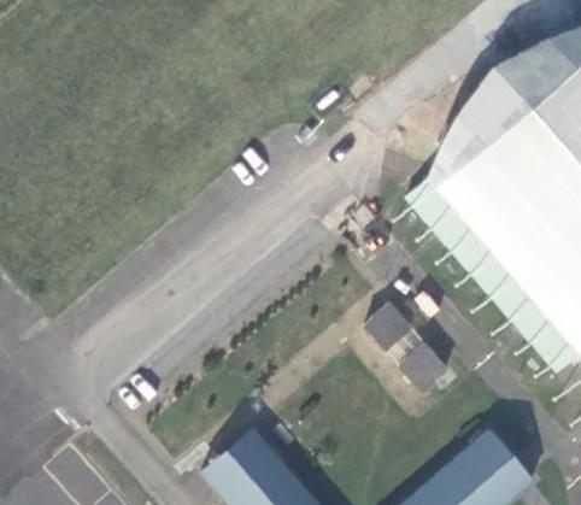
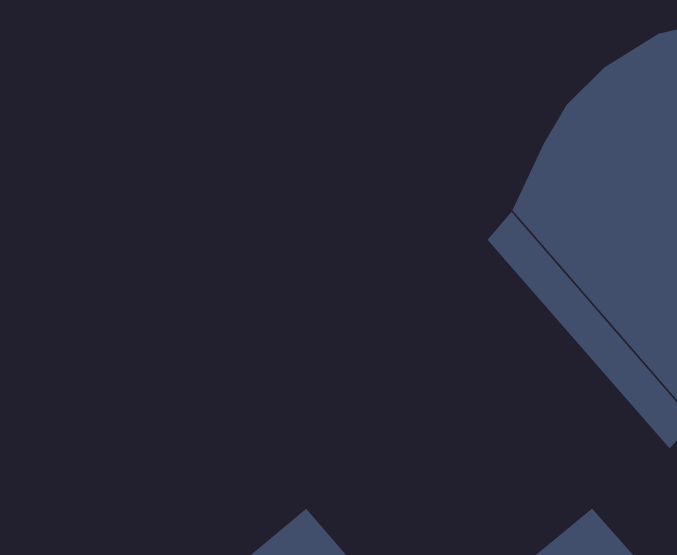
building: [366,306,413,354] -> none
building: [400,346,448,395] -> none

